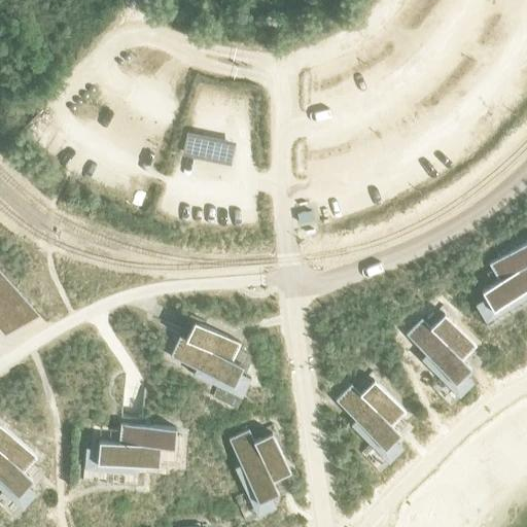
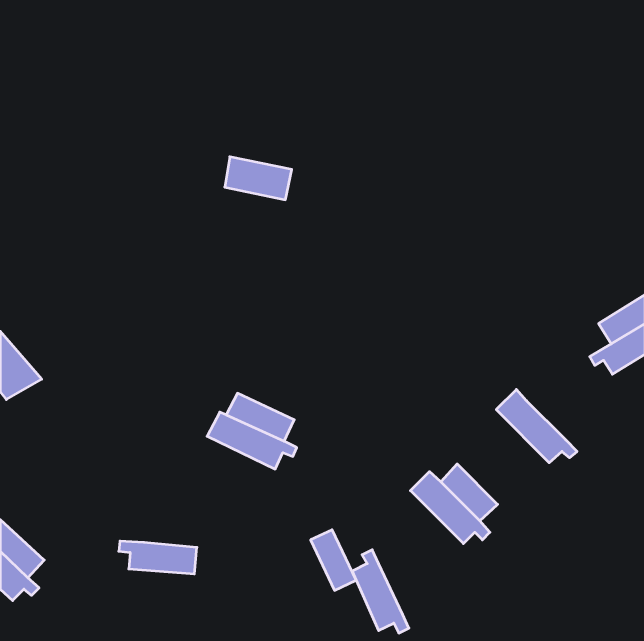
building: [430,317,477,362] -> none
building: [118,426,176,451] -> none
building: [233,432,279,500] -> [352,550,409,633]

